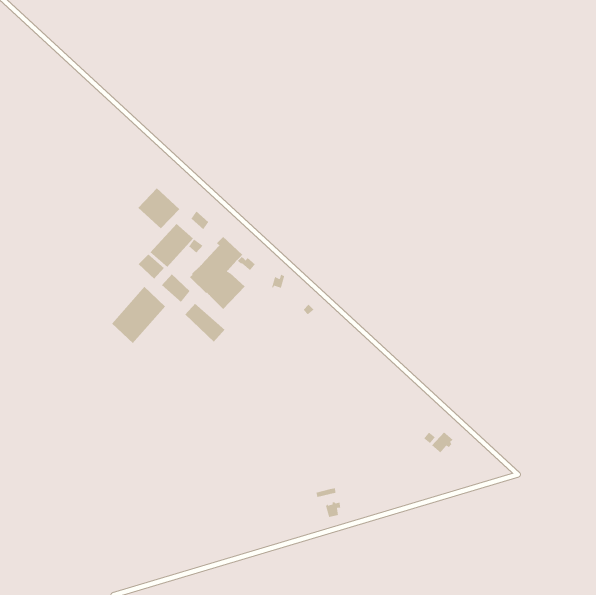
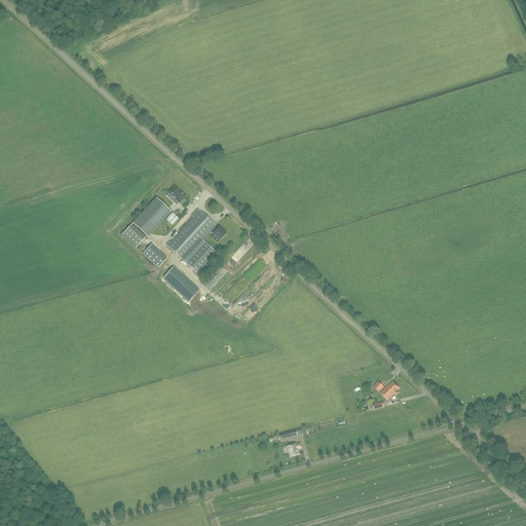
building: [138,188,180,229] -> none
building: [111,286,166,344] -> none

